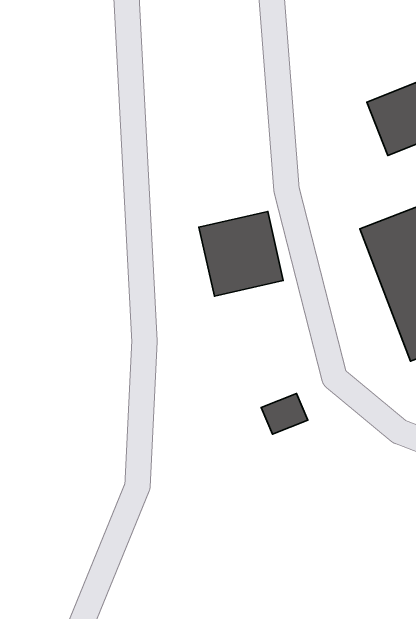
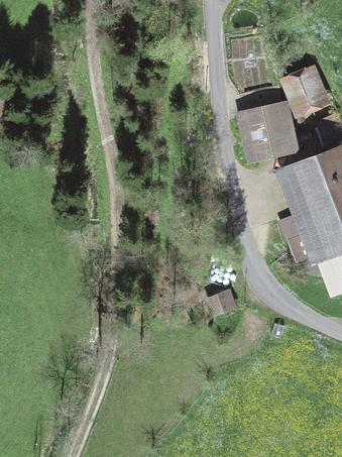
building: [199,212,283,296] -> [236,101,297,161]

